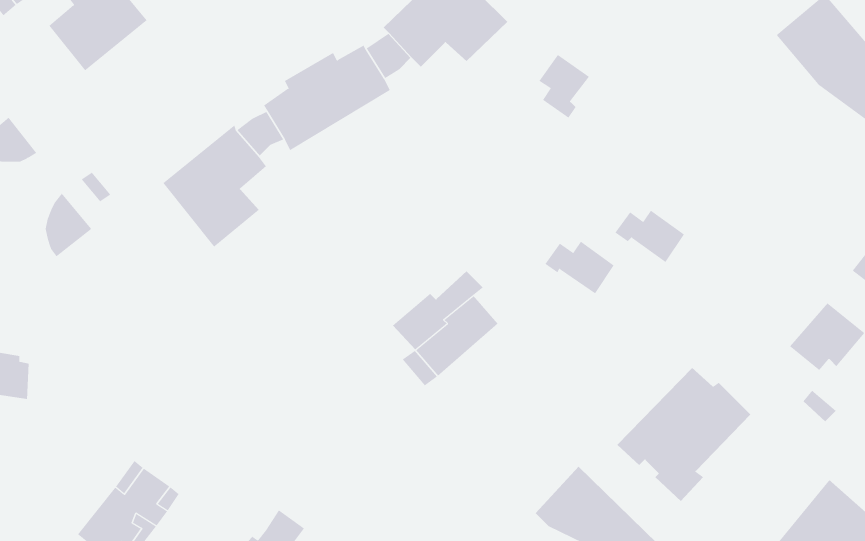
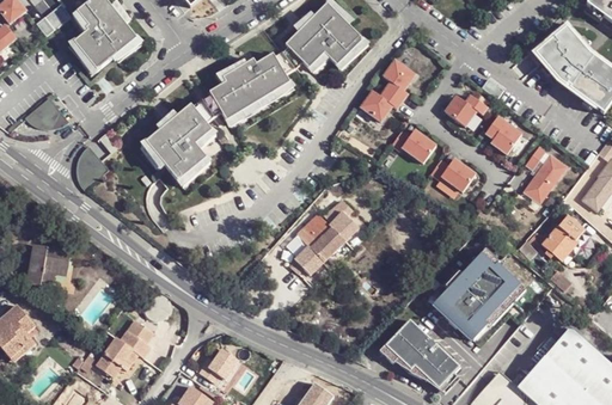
building: none -> [362,90,404,122]
building: none -> [447,96,489,127]
building: none -> [486,117,524,154]
building: none -> [526,147,568,204]
building: [544,241,615,294] -> [393,130,437,164]

